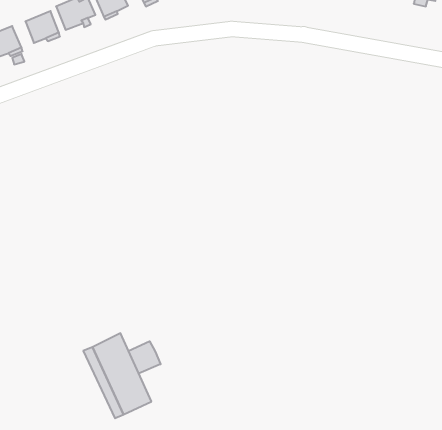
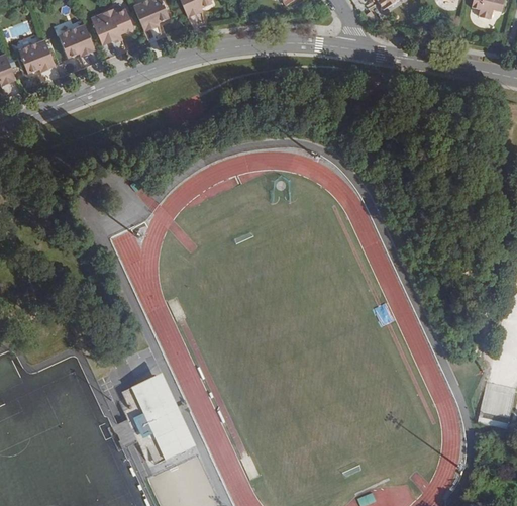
building: [129,341,161,373] -> none

